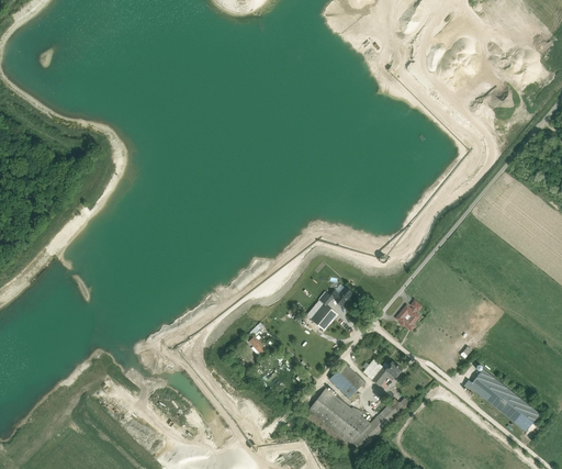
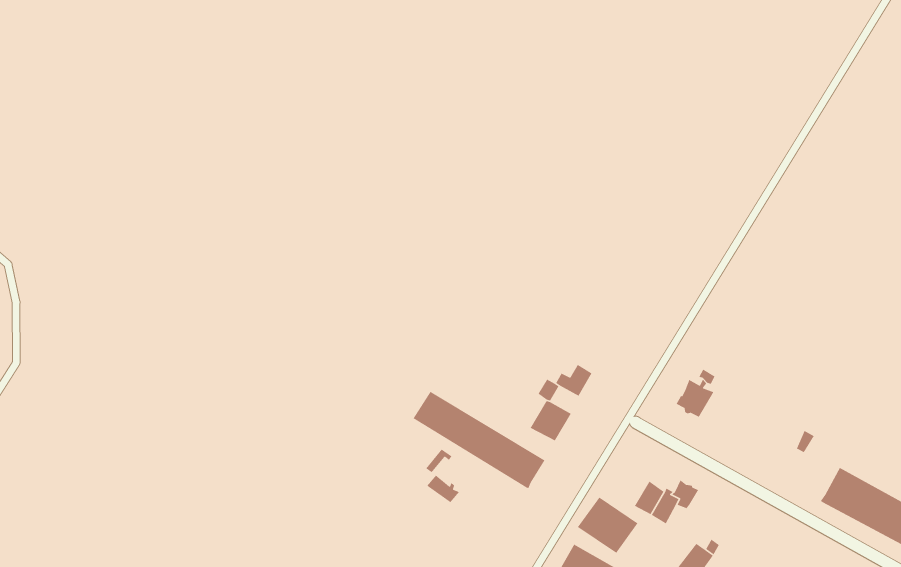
building: none -> [413,391,546,489]

